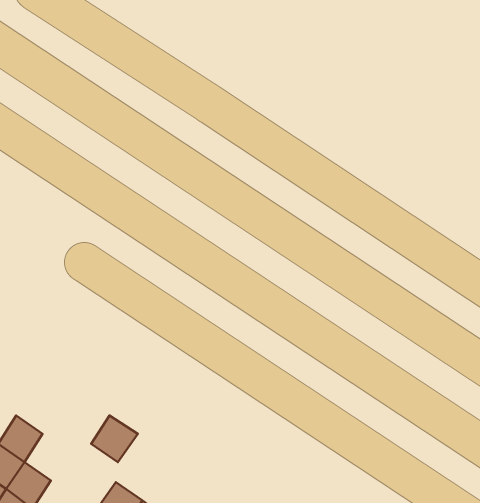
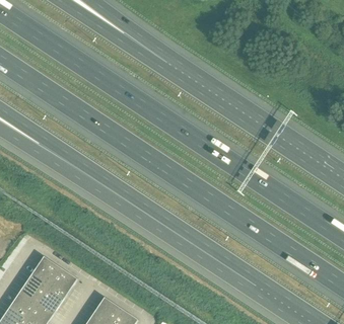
building: [91,415,138,462] -> [48,268,76,297]

